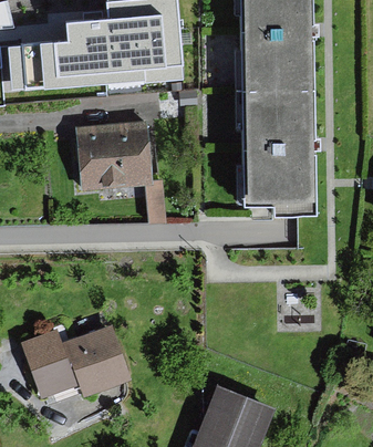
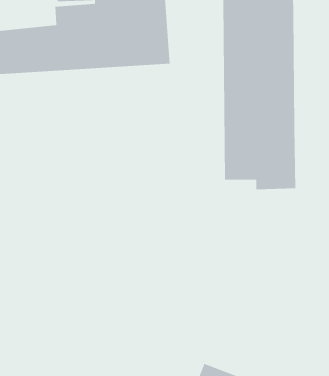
building: [79,126,146,185] -> none
building: [25,329,128,395] -> none

